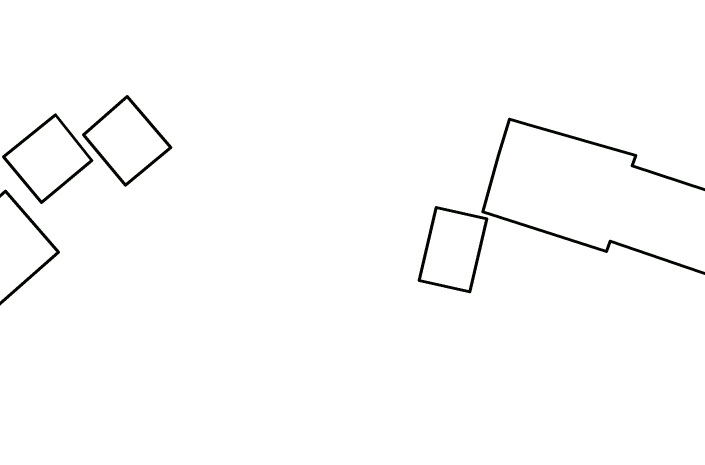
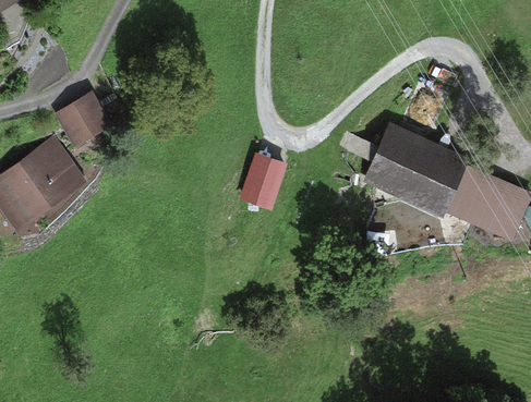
building: [84,97,171,185] -> none
building: [419,208,487,292] -> [239,154,288,211]

